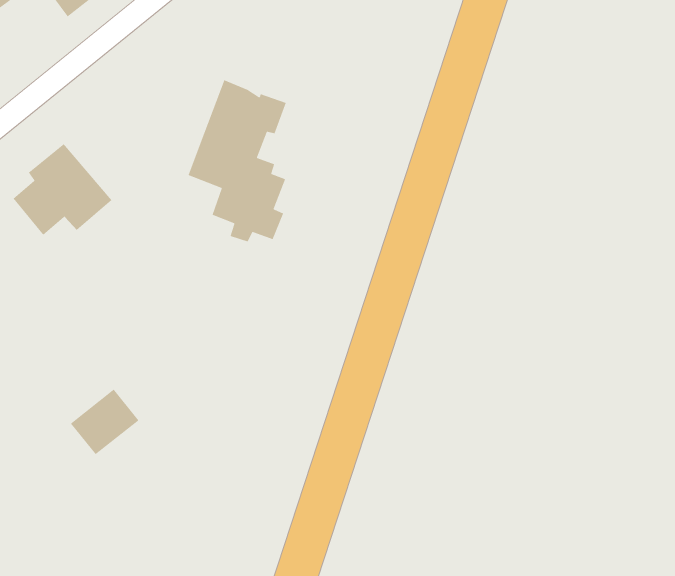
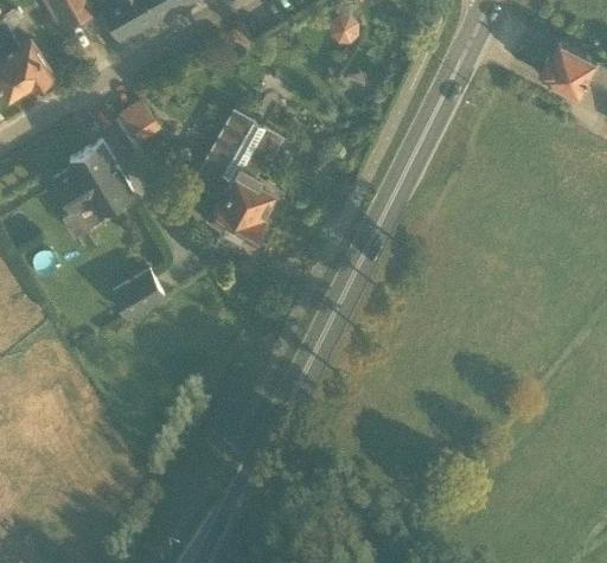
building: none -> [119,102,161,146]
building: [70,389,139,455] -> [110,270,166,321]

